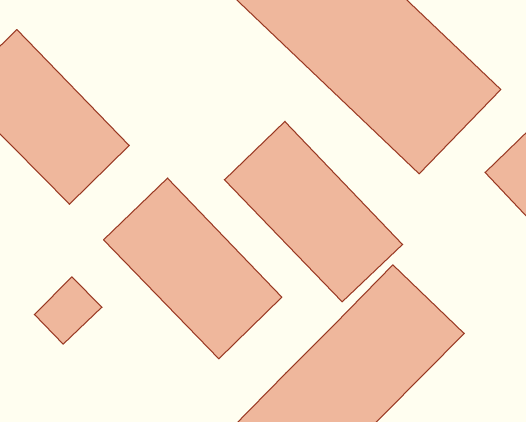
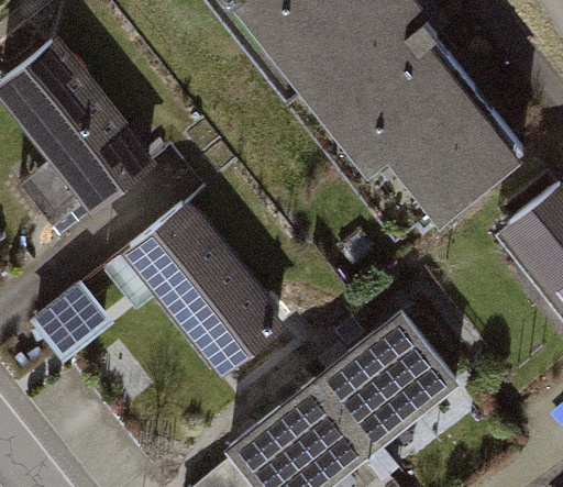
building: [224,121,403,302] -> none

